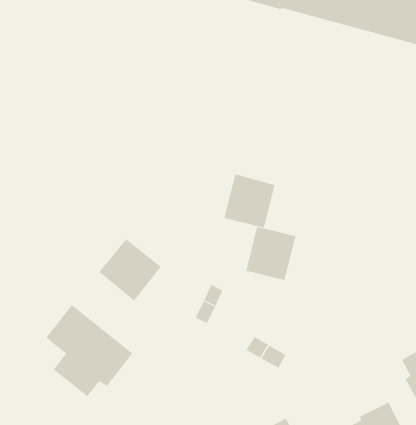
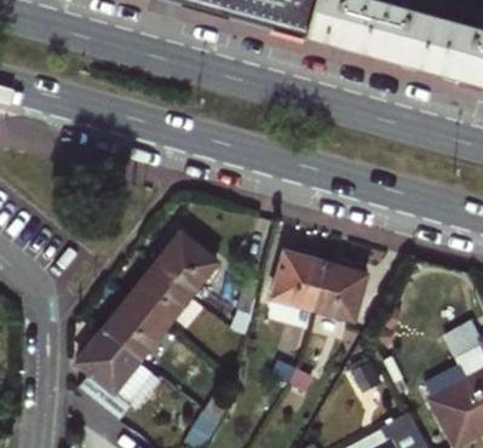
building: [224,174,275,228] -> [312,260,363,314]
building: none -> [156,230,217,291]
building: none -> [103,295,165,356]

